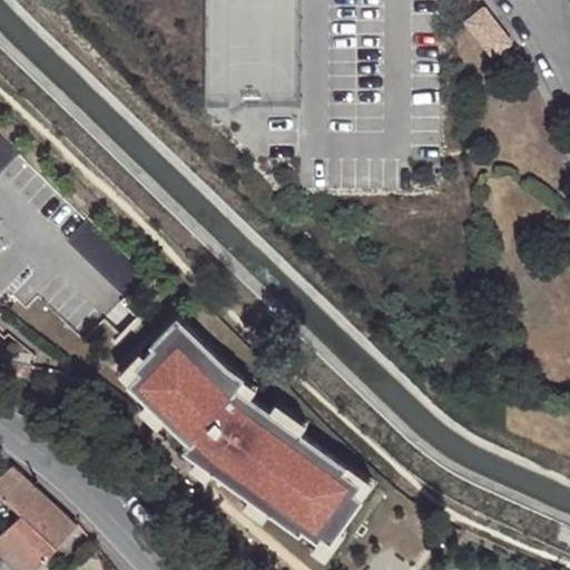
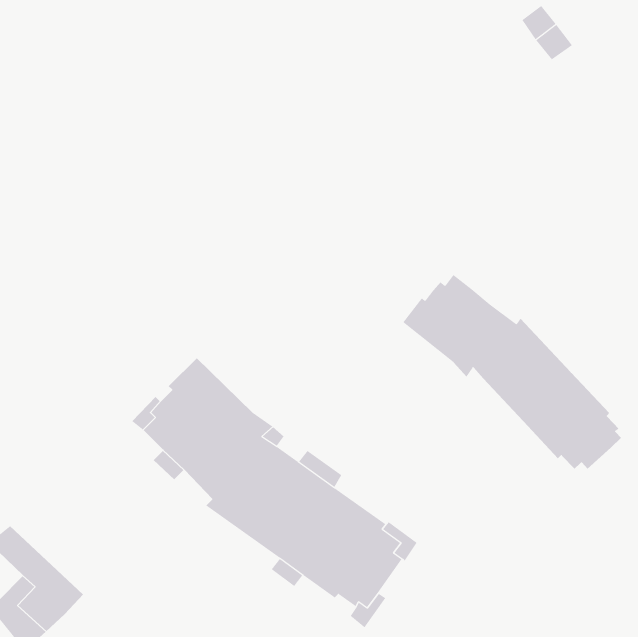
building: none -> [403,274,622,470]

